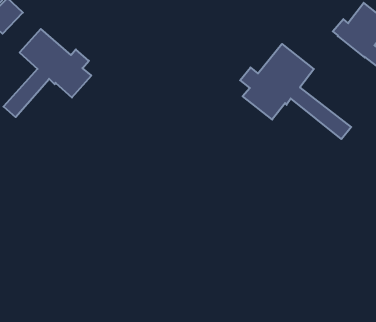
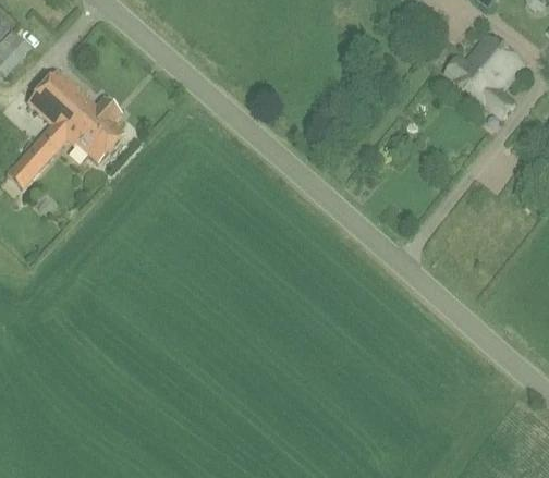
building: [240,44,351,139] -> none

